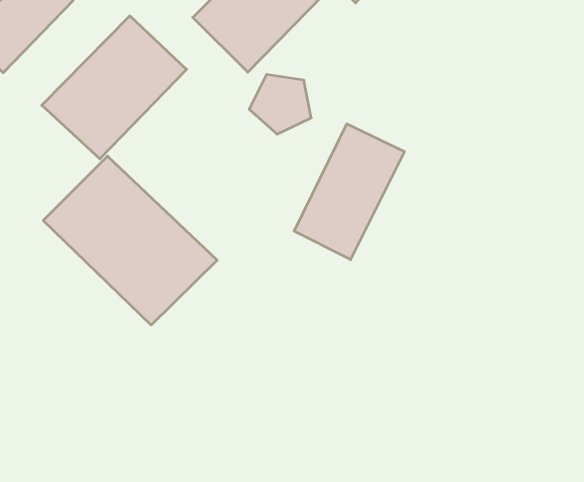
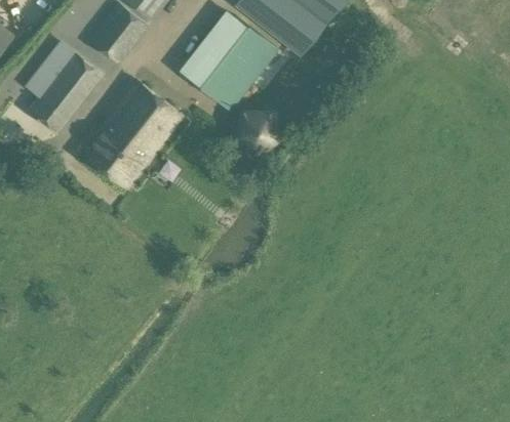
building: [294,124,404,260] -> none
building: [43,156,217,325] -> none

